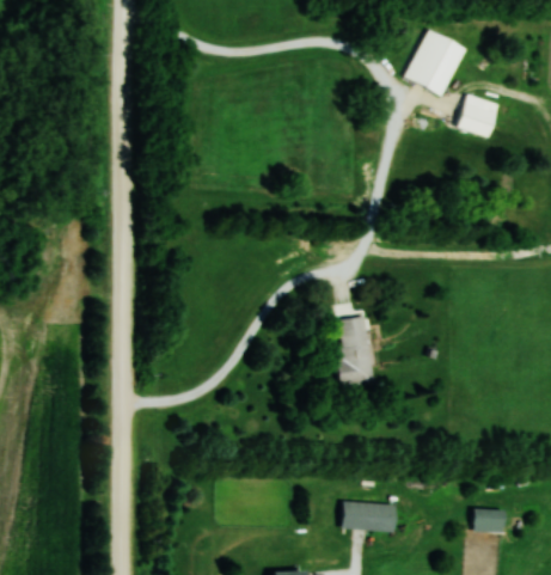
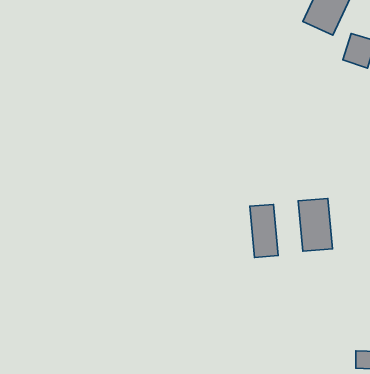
building: none -> [298,198,332,251]
building: [342,501,396,532] -> none

